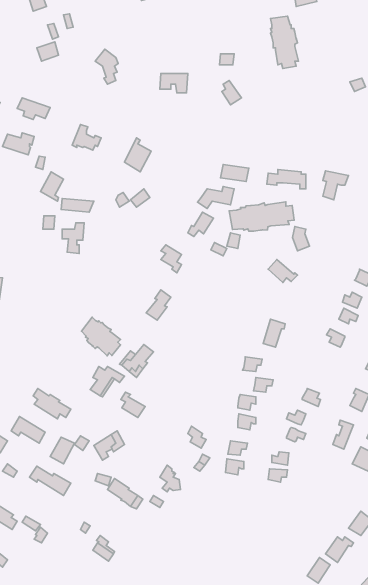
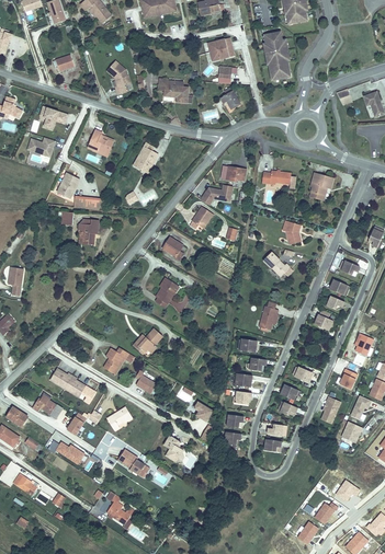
building: none -> [208,37,235,61]
building: [229,202,294,231] -> none
building: [81,317,121,356] -> none

